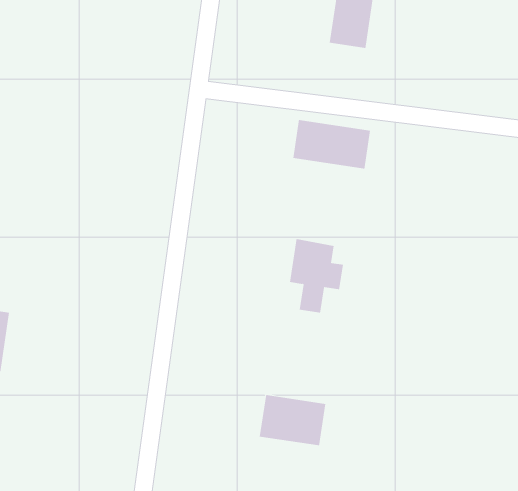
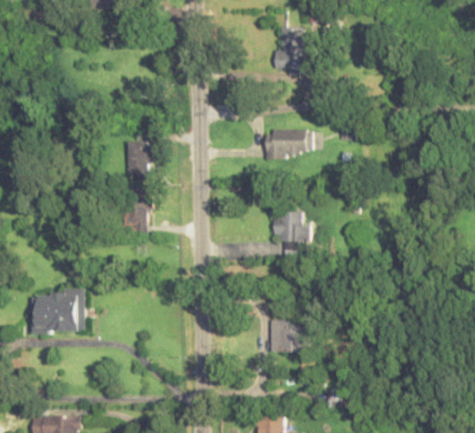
building: none -> [126,141,147,173]
building: none -> [125,191,146,230]

